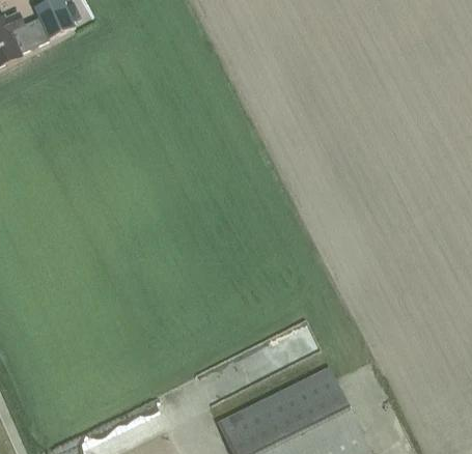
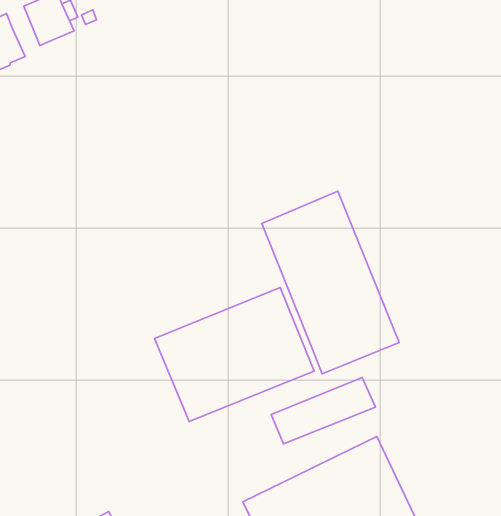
building: none -> [262,191,399,374]
building: none -> [155,288,314,422]

